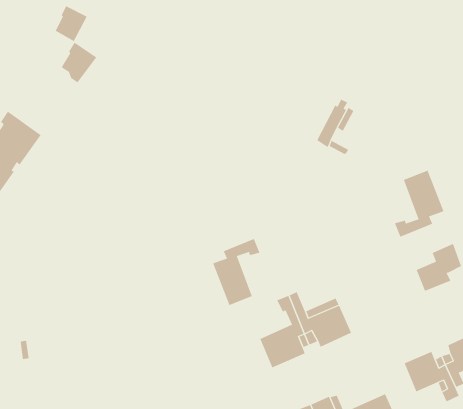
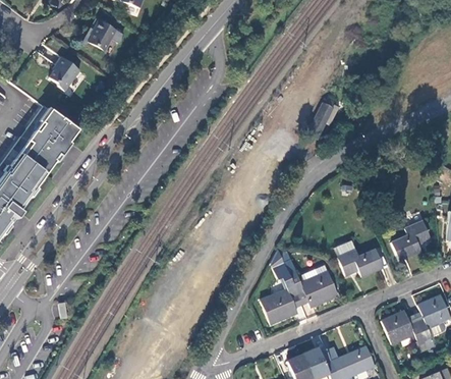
building: [61,42,97,83] -> [48,56,78,91]
building: [394,170,444,238] -> none
building: [212,238,260,306] -> none
building: none -> [334,239,383,277]

